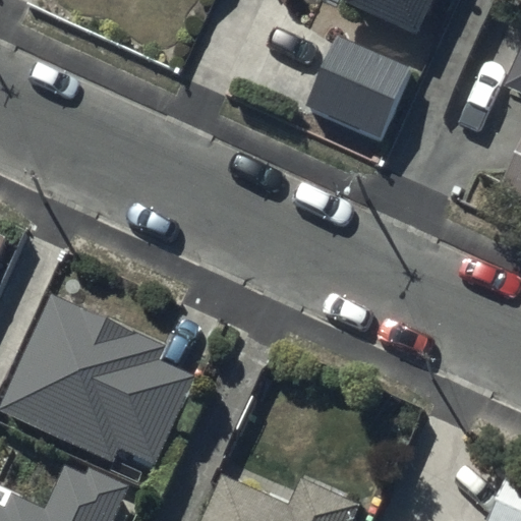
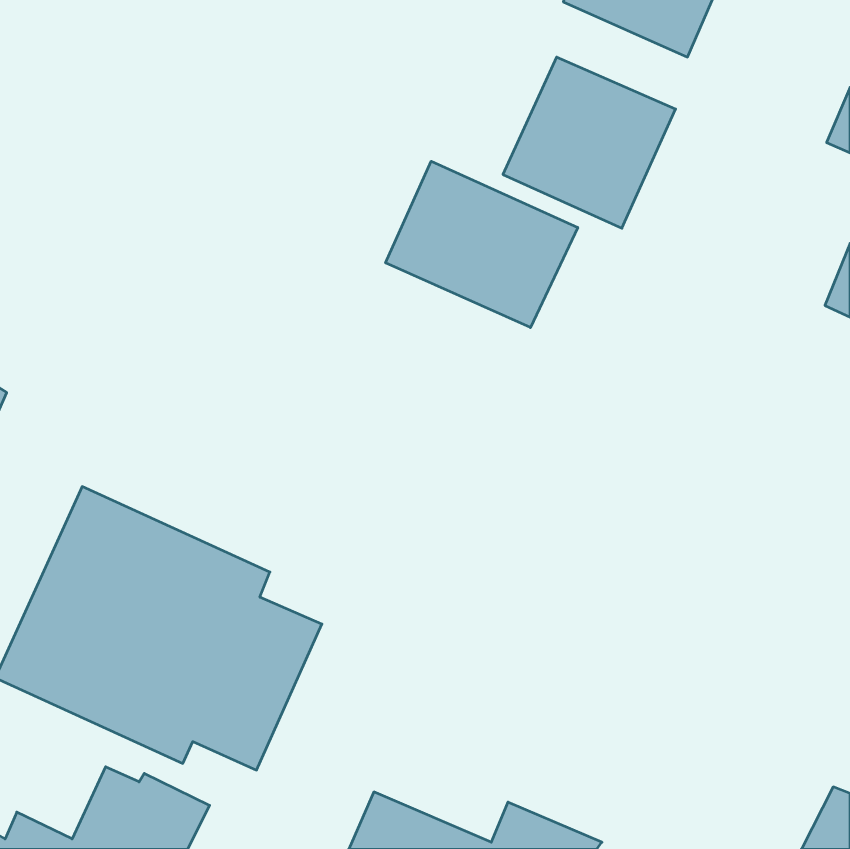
building: none -> [386,161,578,328]

